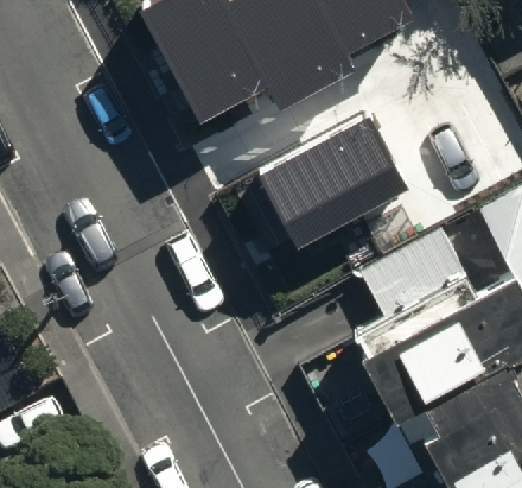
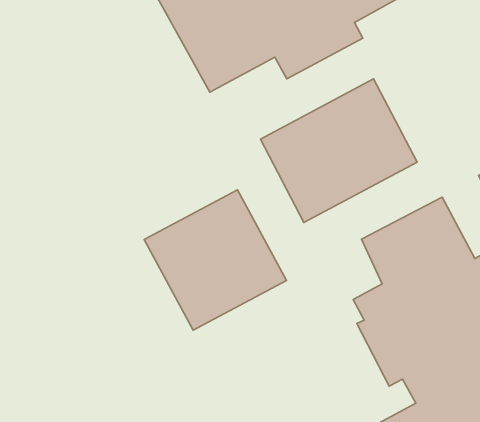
building: none -> [144,190,286,330]

